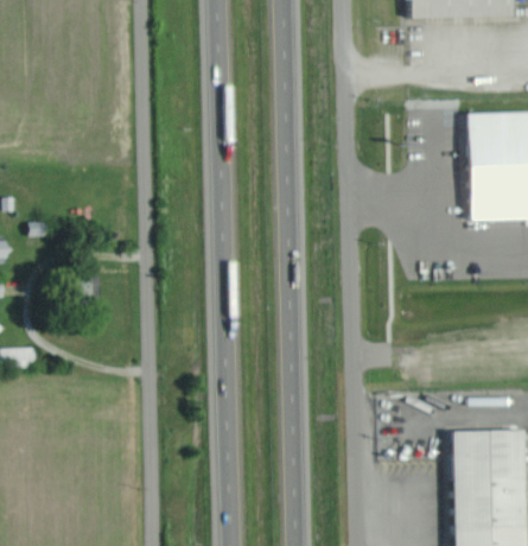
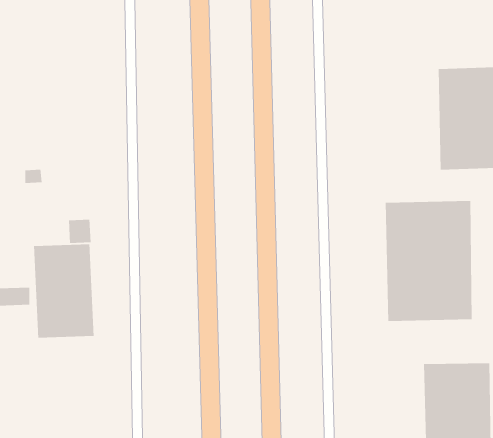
building: none -> [385,200,472,322]
building: none -> [34,243,94,338]

